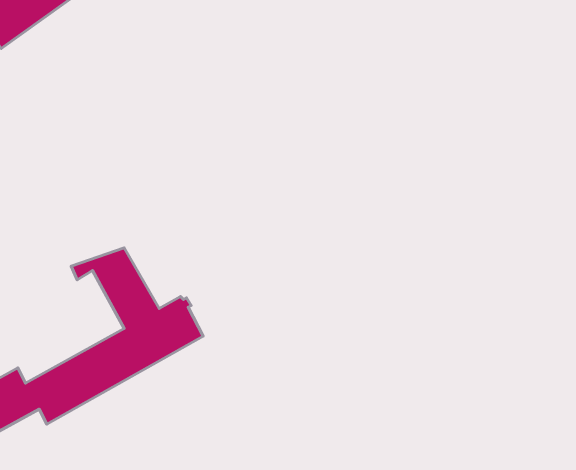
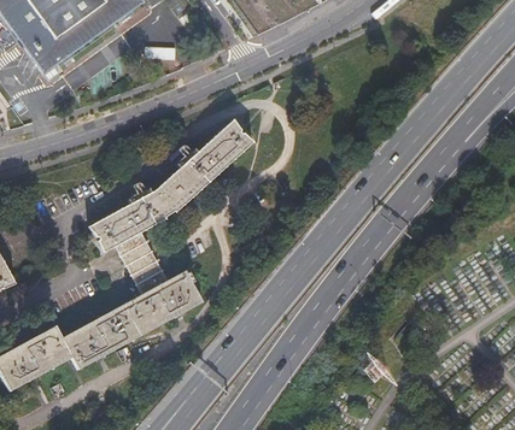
building: none -> [89,116,253,243]

